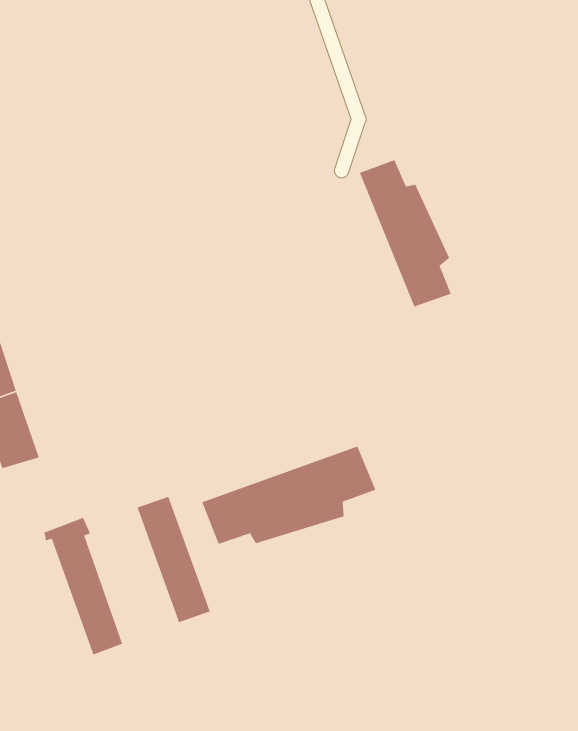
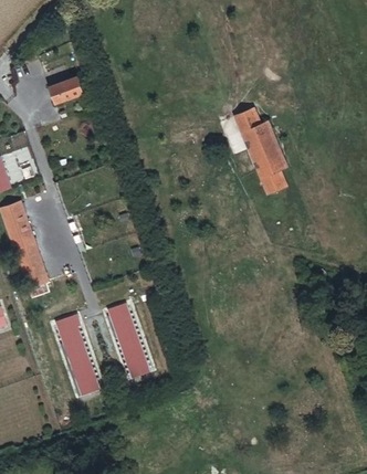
building: none -> [49,76,83,103]
building: [201,445,376,545] -> none

